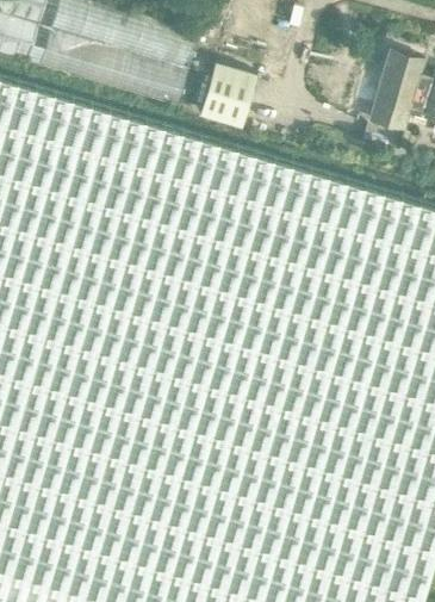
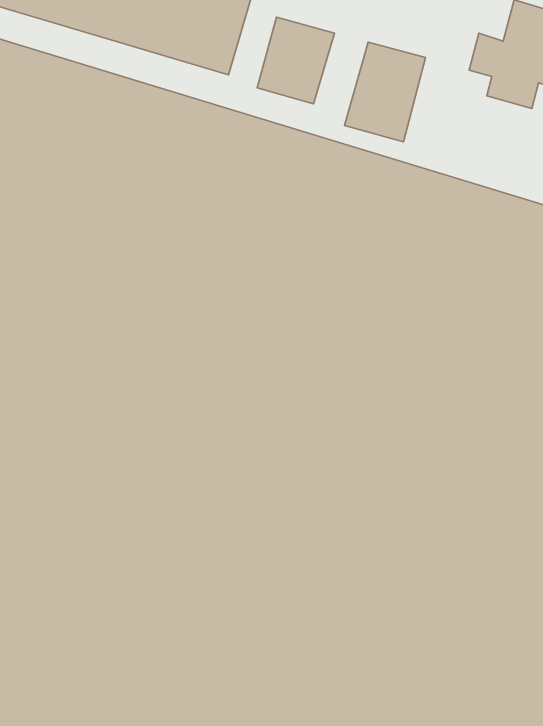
building: none -> [345,42,426,142]

